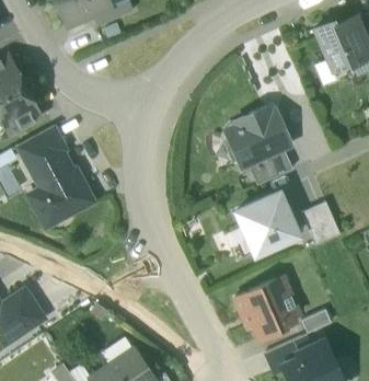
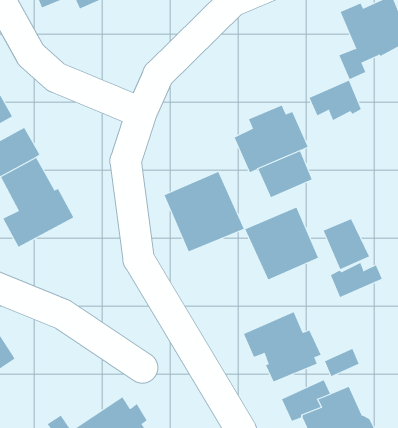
building: none -> [309,80,362,121]
building: none -> [164,171,244,252]
building: none -> [330,262,382,298]

